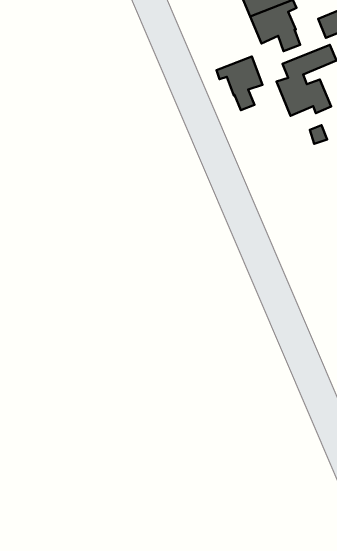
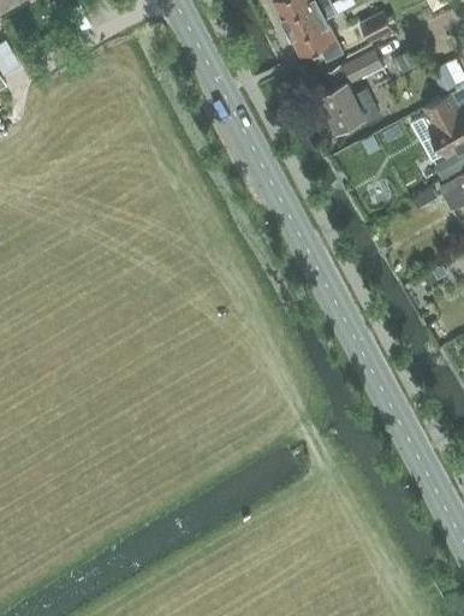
building: [217,56,262,110] -> none

